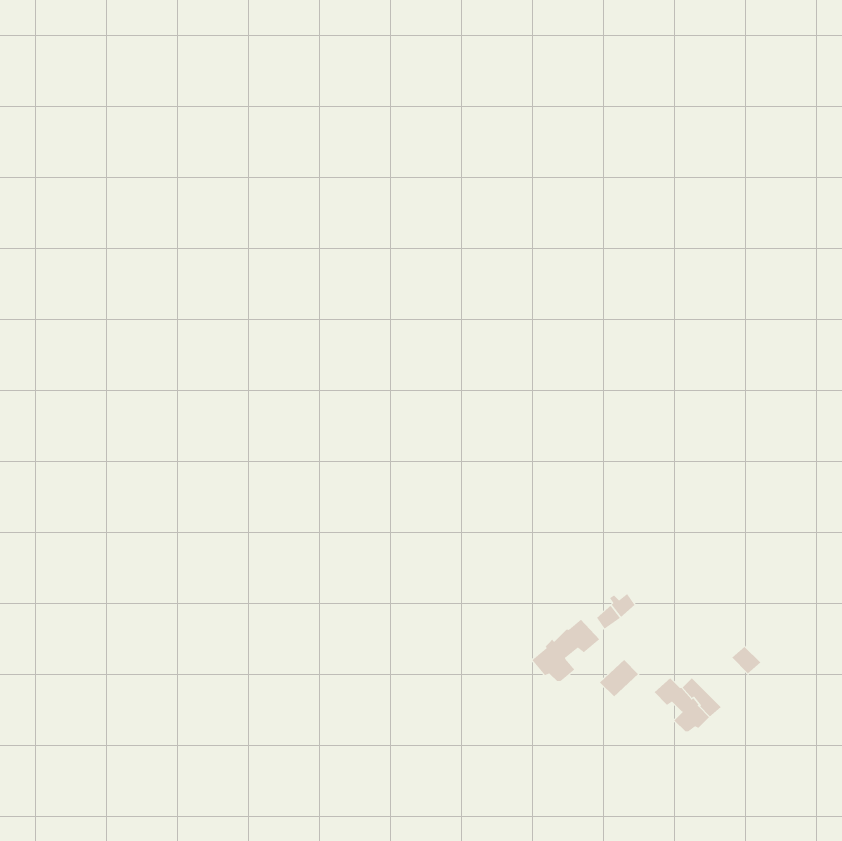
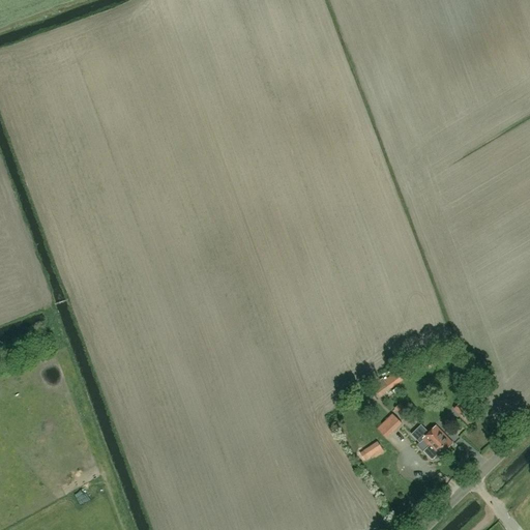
building: [532,619,600,682] -> none

